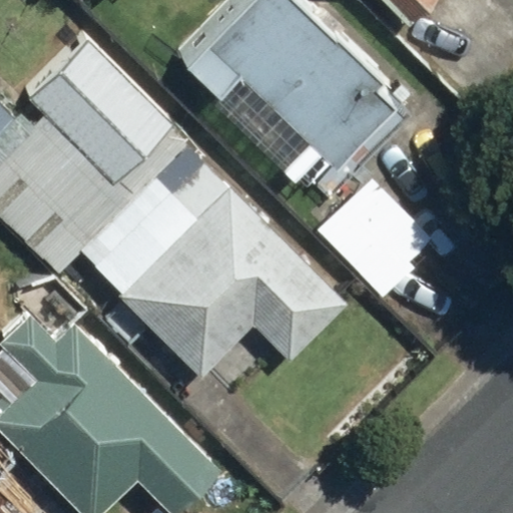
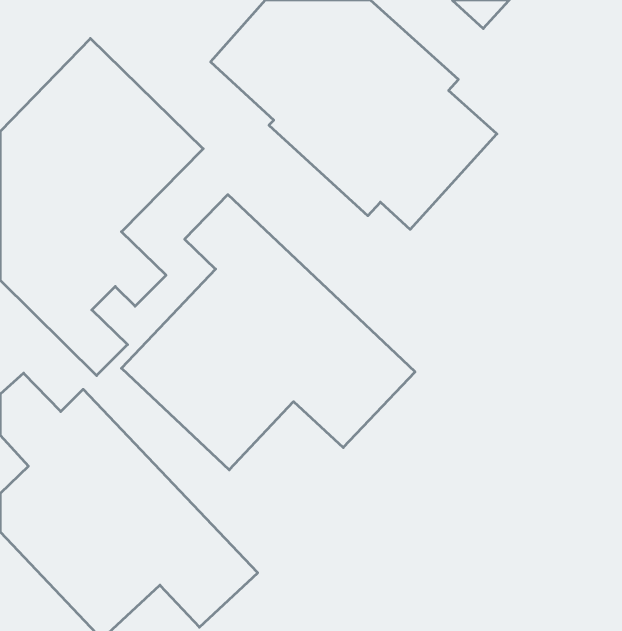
building: [310,177,433,300] -> none

